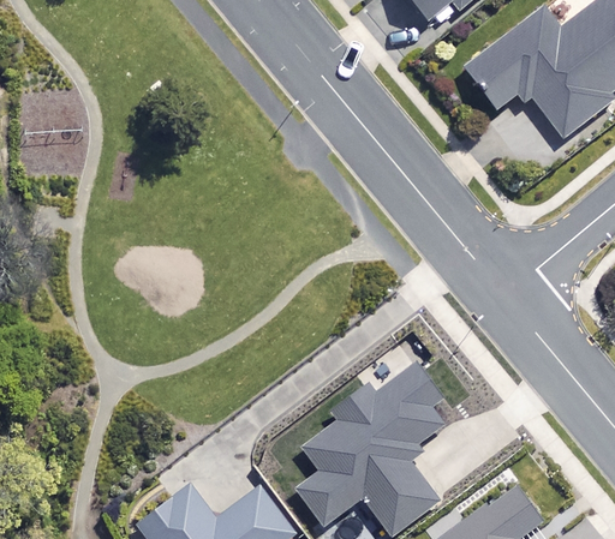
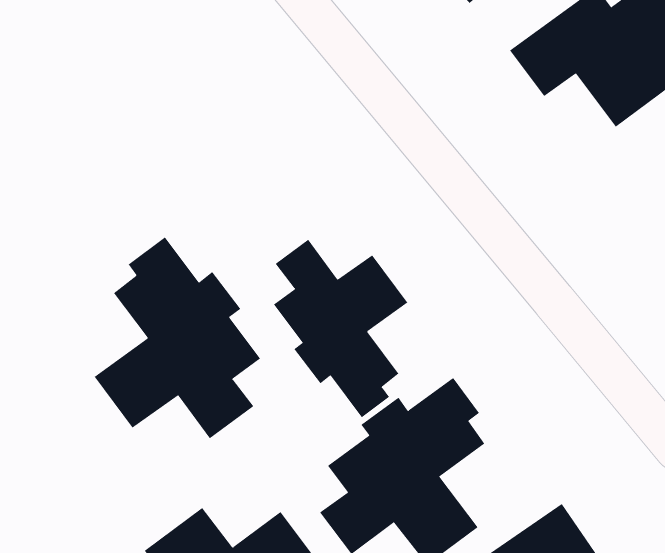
building: none -> [94,237,261,439]
building: none -> [273,239,408,418]

